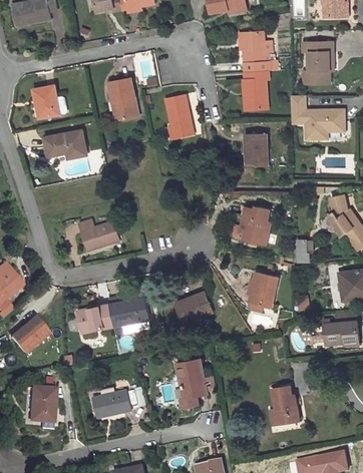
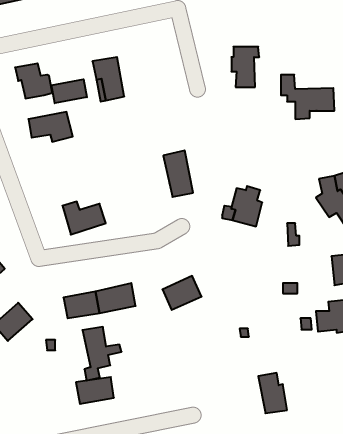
building: [243,33,276,69] -> none
building: [301,44,331,85] -> none
building: [166,94,196,139] -> [163,150,193,197]
building: none -> [52,79,87,103]
building: [248,133,270,166] -> none
building: [249,272,281,309] -> none
building: [175,357,214,409] -> [82,327,122,381]
building: [30,386,50,420] -> none

